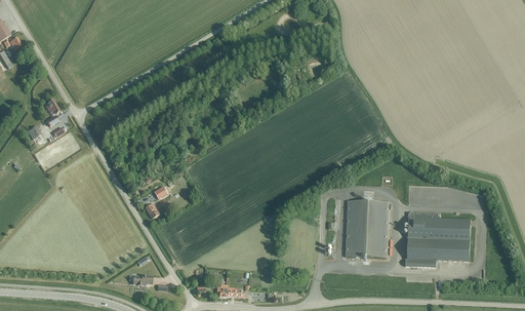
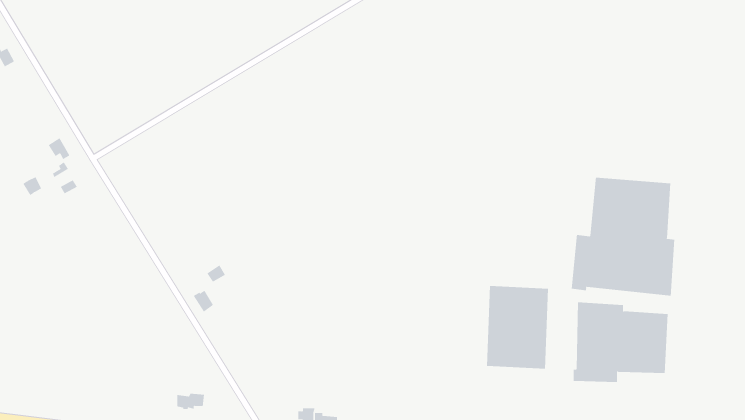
building: none -> [571,177,675,296]

